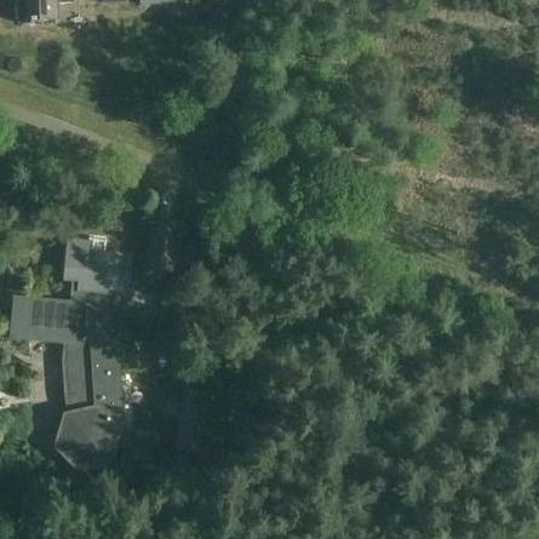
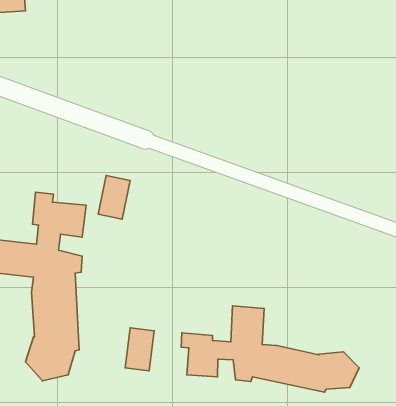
building: none -> [181,306,359,392]

